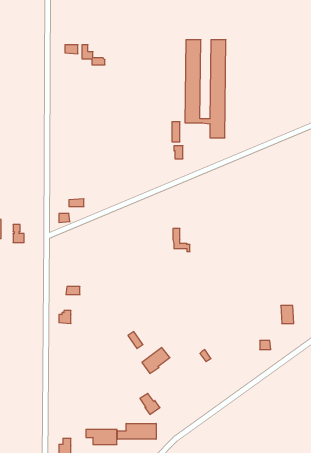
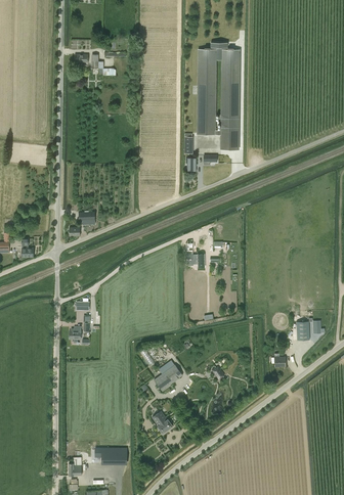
building: [118,423,156,439] -> none

